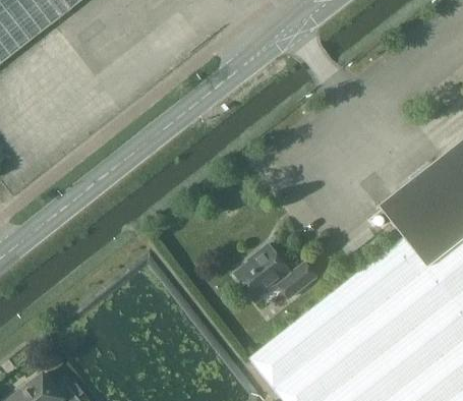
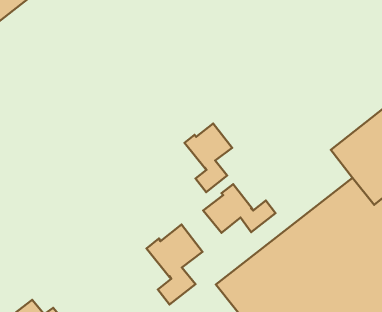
building: none -> [185,123,232,192]
building: none -> [147,224,202,304]

